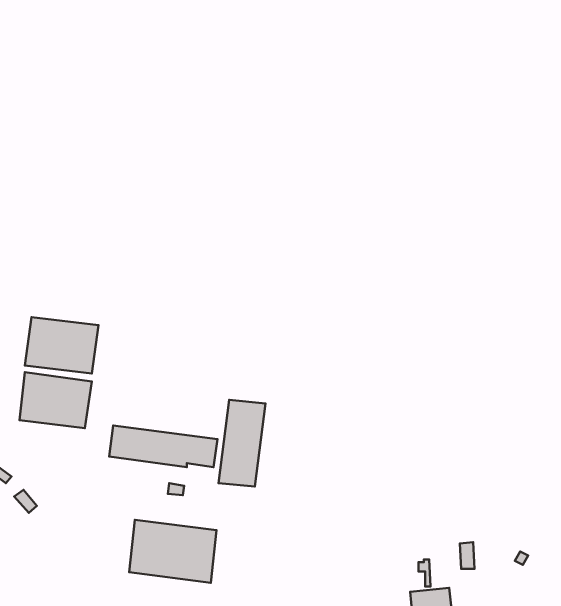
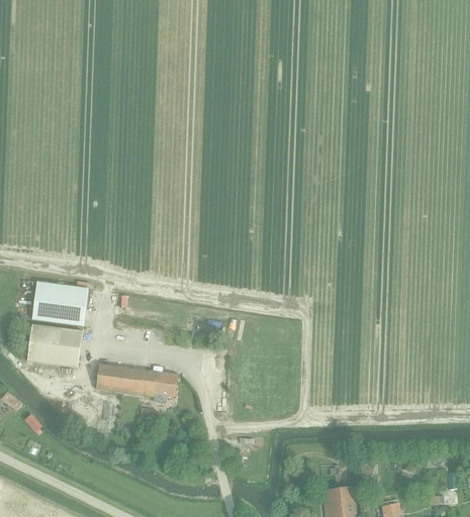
building: [218,400,266,487] -> none
building: [129,520,216,583] -> none

